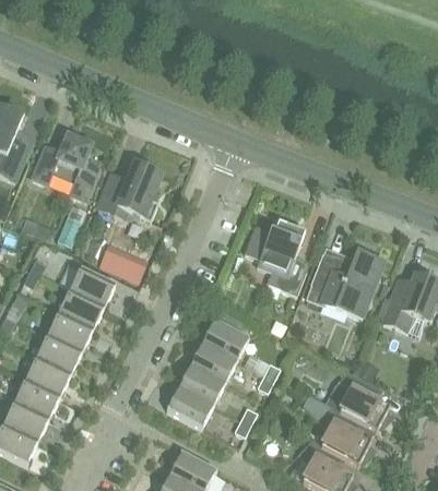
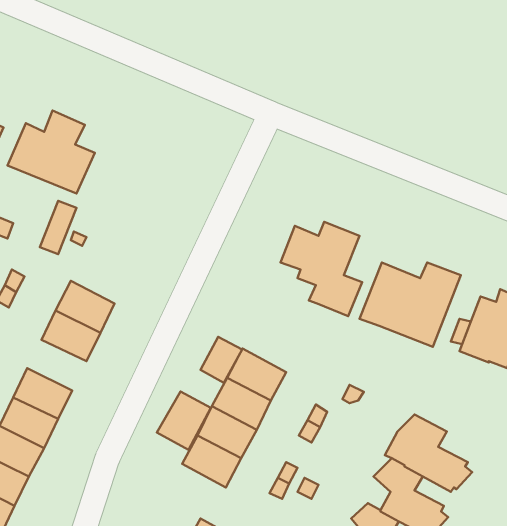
building: [97,164,161,221] -> none
building: [99,246,146,282] -> none
building: none -> [201,337,242,383]
building: [47,313,93,352] -> none
building: none -> [157,391,211,450]

